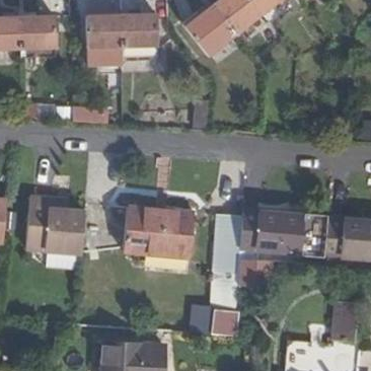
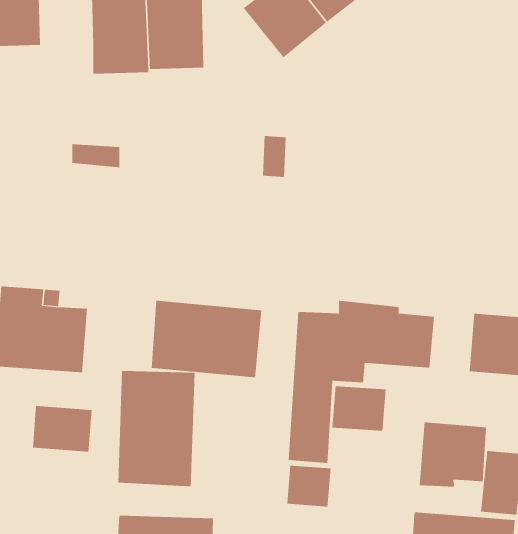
building: none -> [118,370,195,487]
building: none -> [32,405,92,453]
building: none -> [419,422,487,487]

